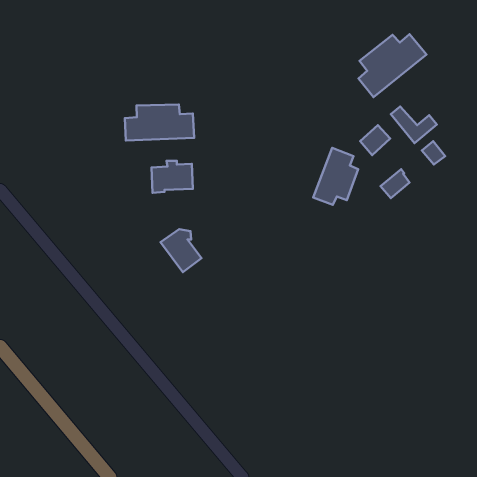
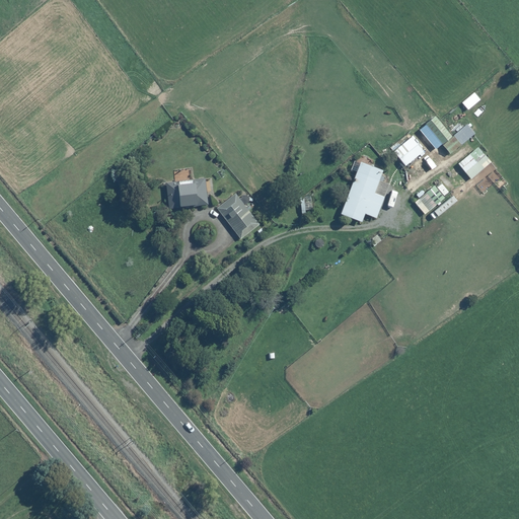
building: [359,34,426,97] -> none
building: [125,104,194,140] -> none
building: [160,229,202,272] -> [215,193,260,239]

